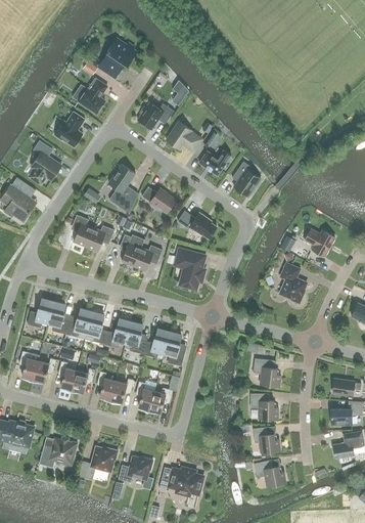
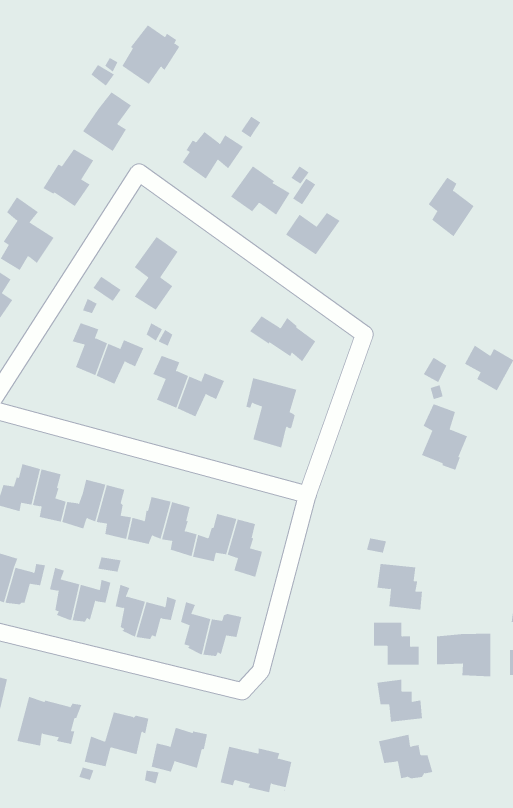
building: [232,161,260,197] -> [428,177,474,237]
building: [141,186,176,213] -> none
building: none -> [436,633,491,677]

